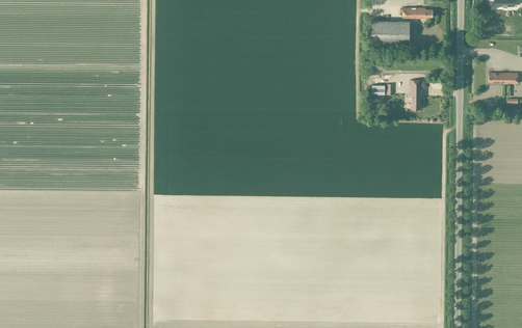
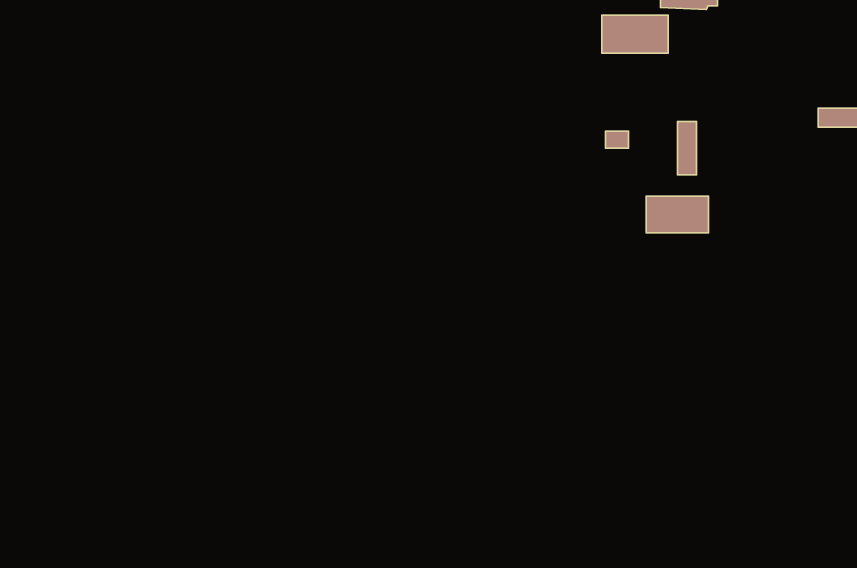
building: none -> [646,196,709,233]

